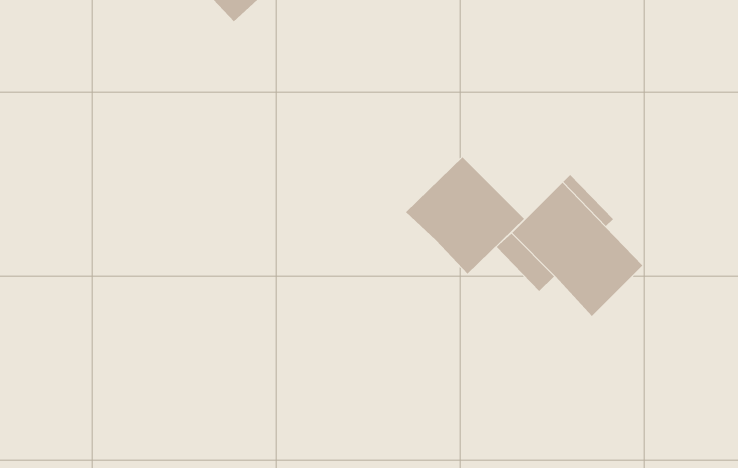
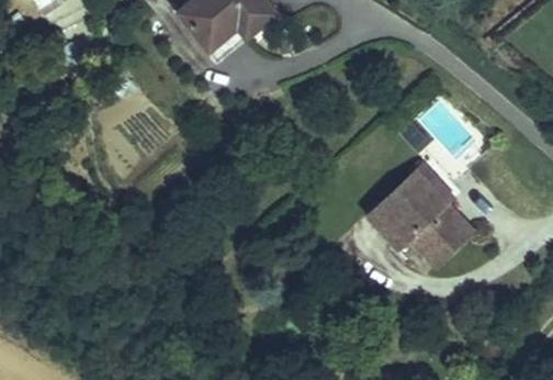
building: [405,156,525,275] -> none

